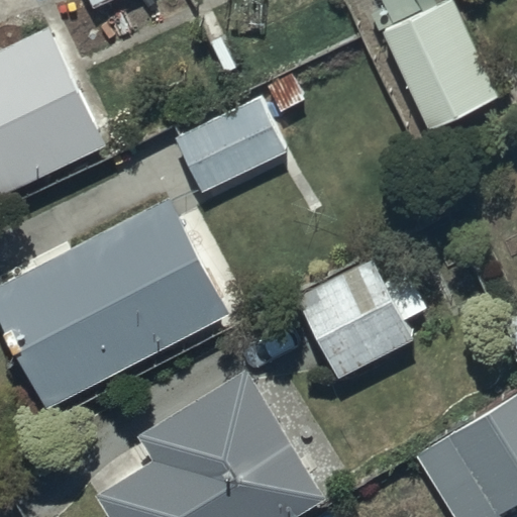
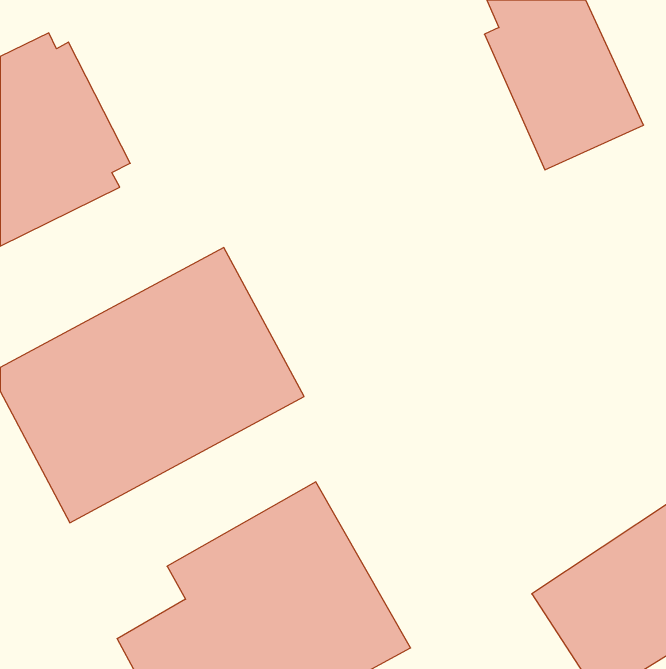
building: [173,64,336,198] -> none
building: [293,260,410,379] -> none

